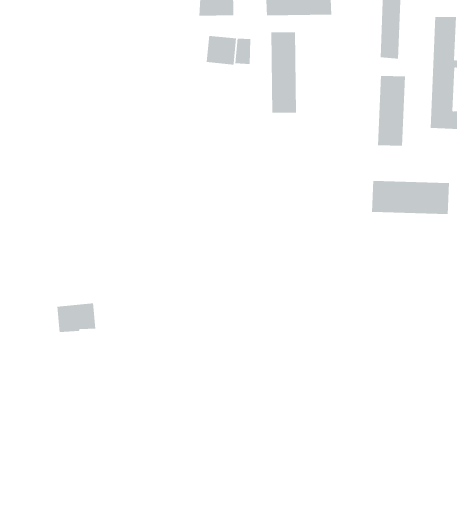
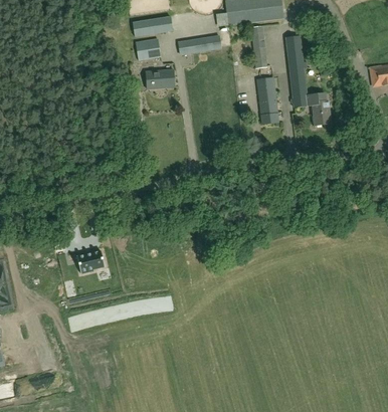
building: [271,31,296,113] -> none
building: [372,180,450,215] -> none

